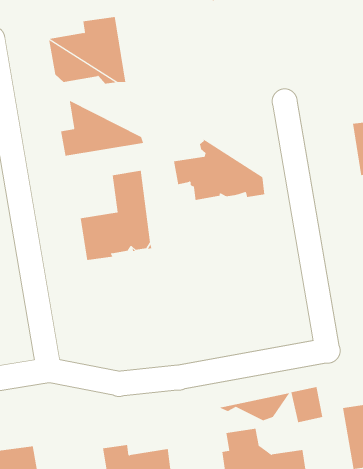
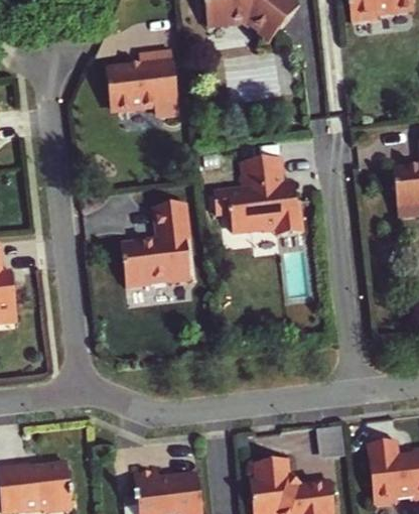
building: [60,100,144,157] -> none
building: none -> [245,162,303,215]
building: [218,392,291,421] -> none

